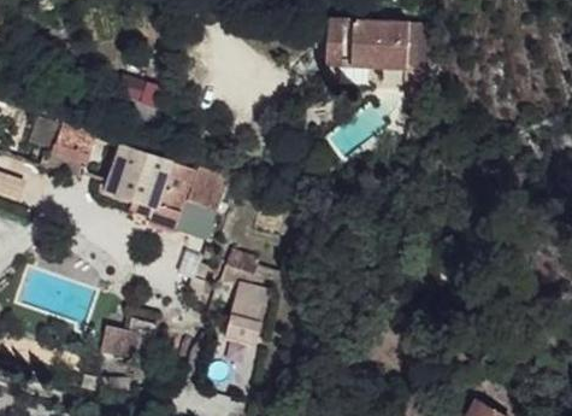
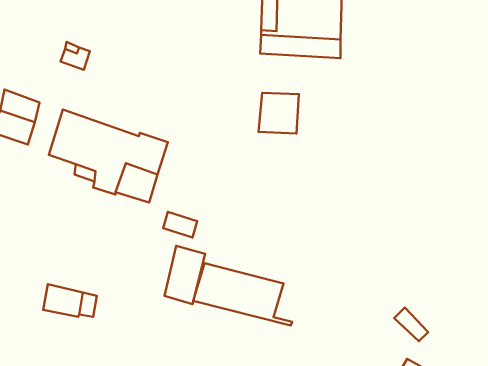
building: none -> [259,93,299,133]
building: none -> [193,263,292,326]

